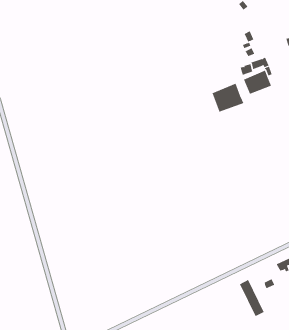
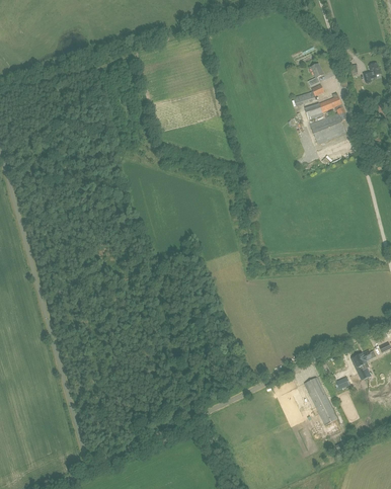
building: [212,83,244,113] -> none

